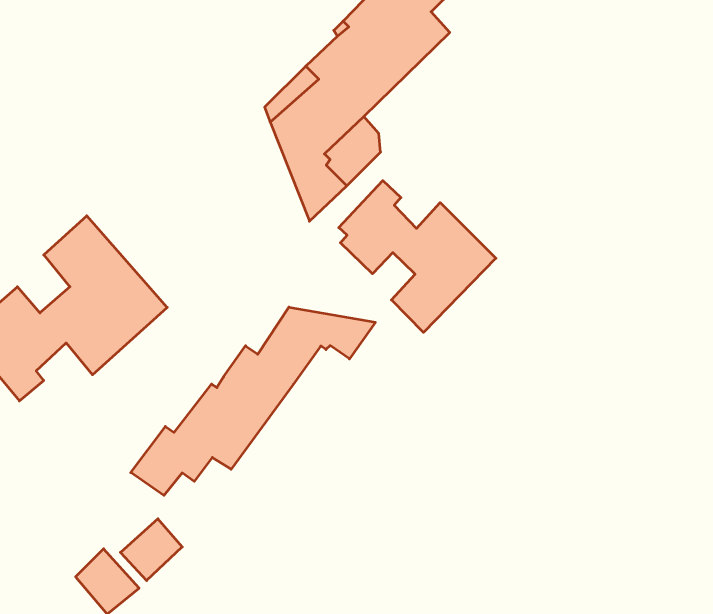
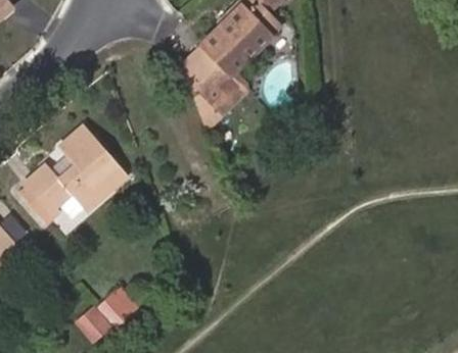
building: [339,181,496,332] -> none
building: [131,307,375,495] -> none

